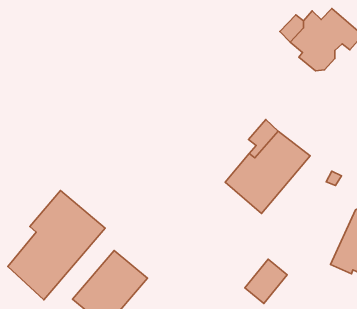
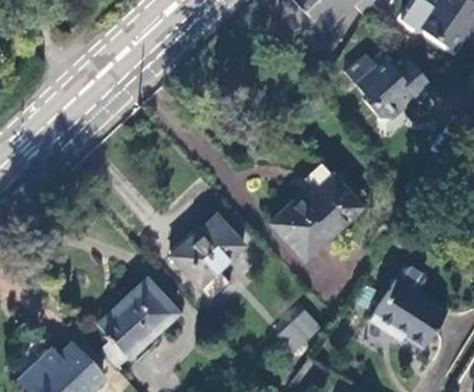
building: none -> [172,216,243,299]
building: [8,191,105,300] -> none

